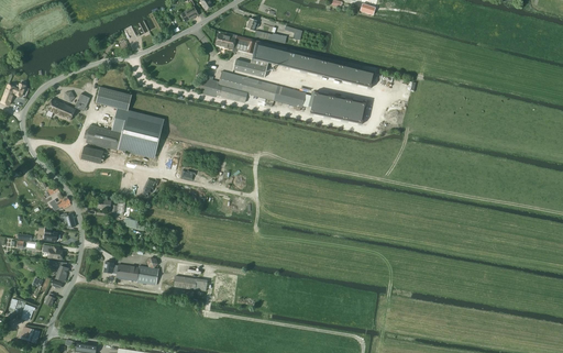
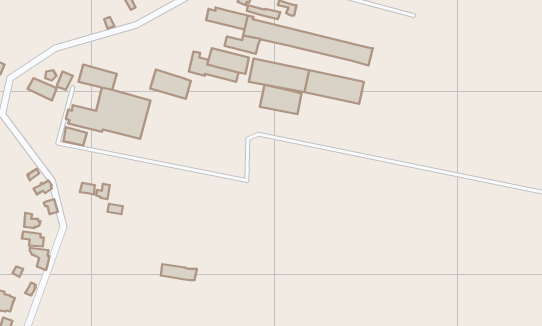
building: none -> [150,70,191,99]
building: none -> [260,85,301,114]
building: [104,261,158,284] -> none

